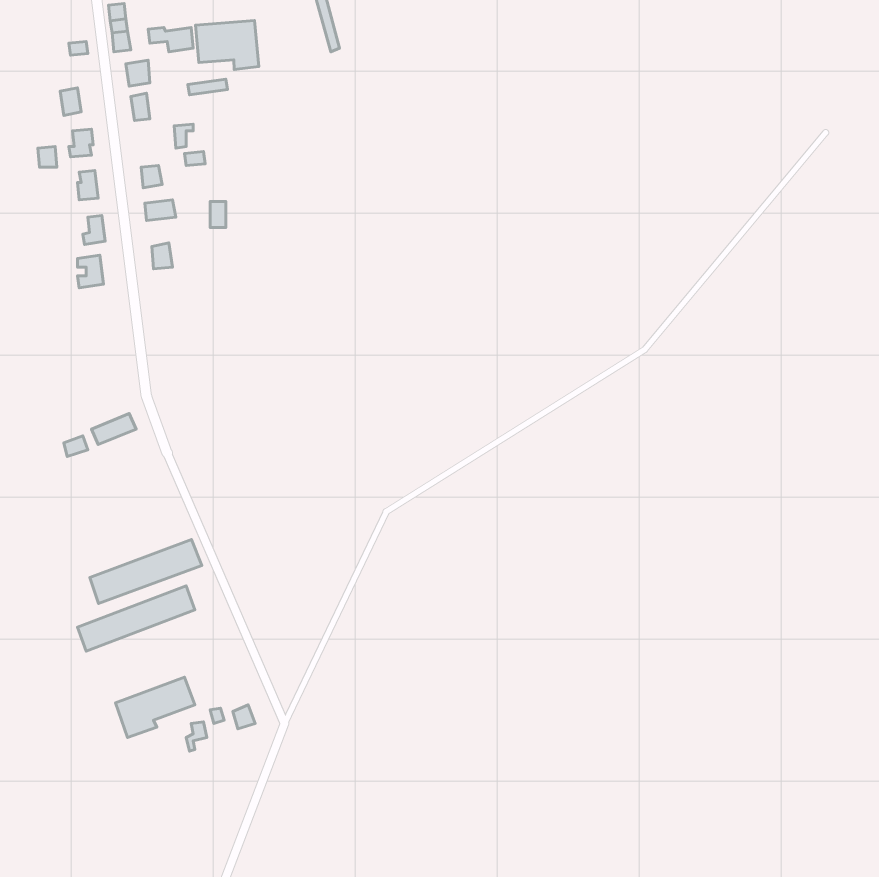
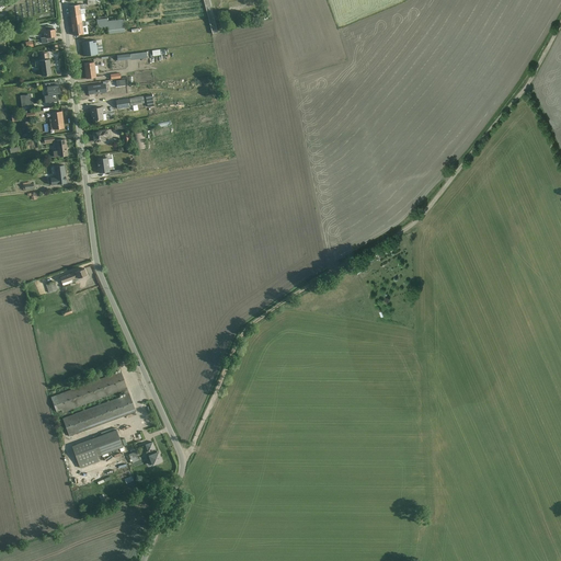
building: [196,20,259,69] -> none
building: [90,540,202,603] -> [64,396,135,436]

